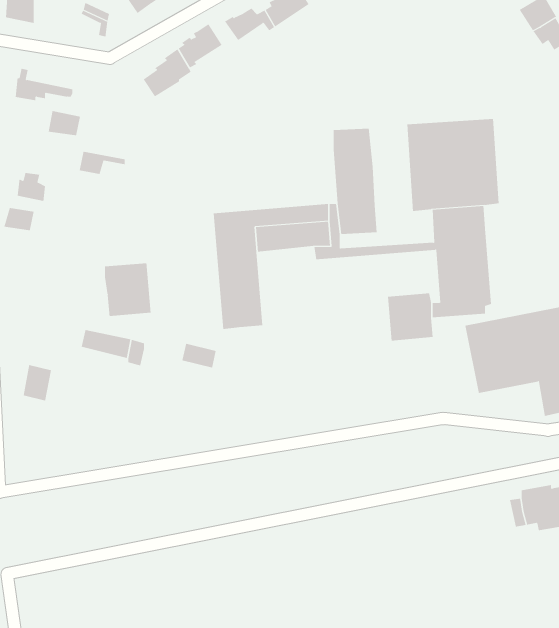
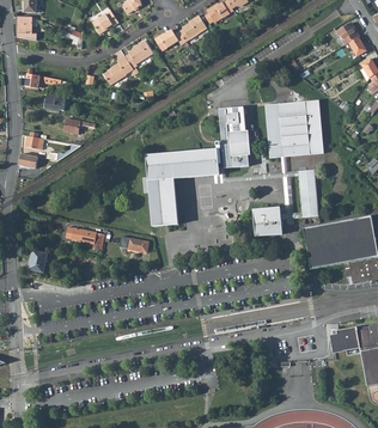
building: [104,262,151,317] -> none

